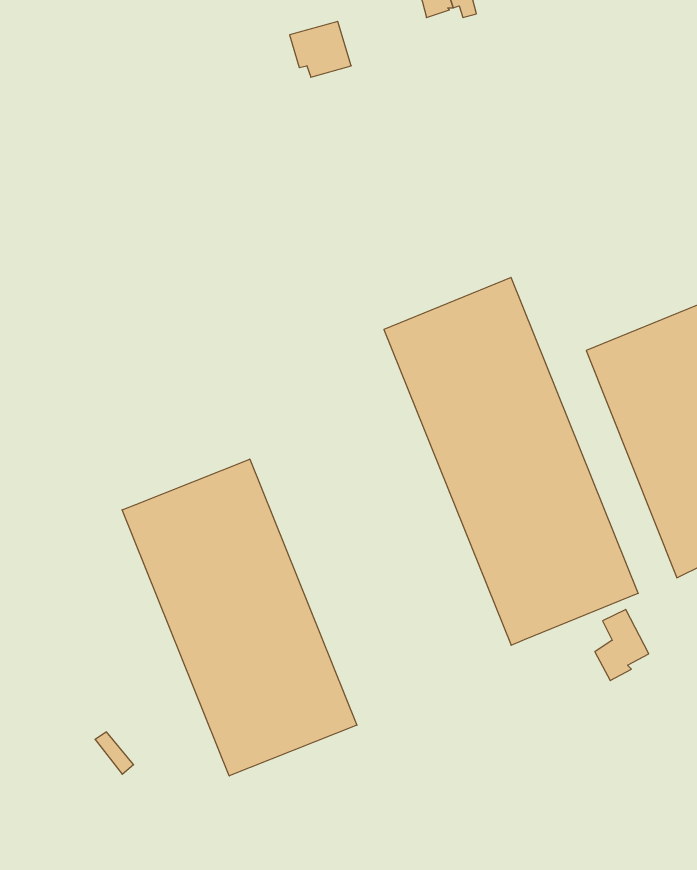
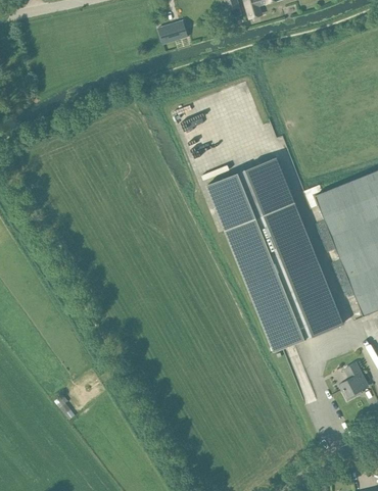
building: [122,459,357,776] -> none
building: [595,609,649,681] -> [339,362,368,400]

